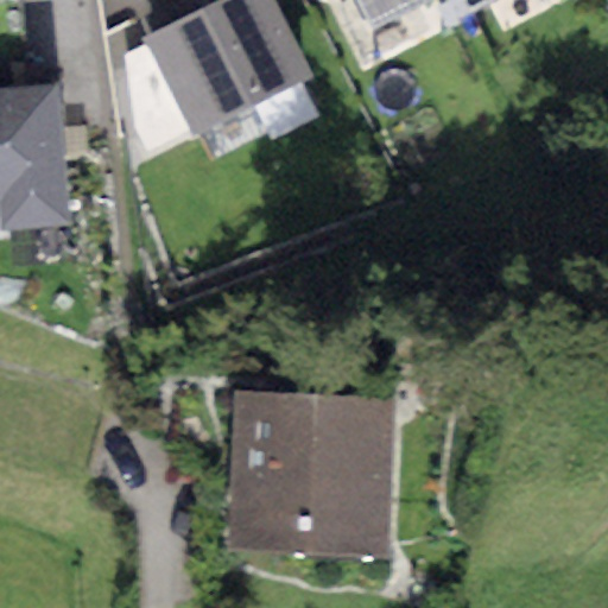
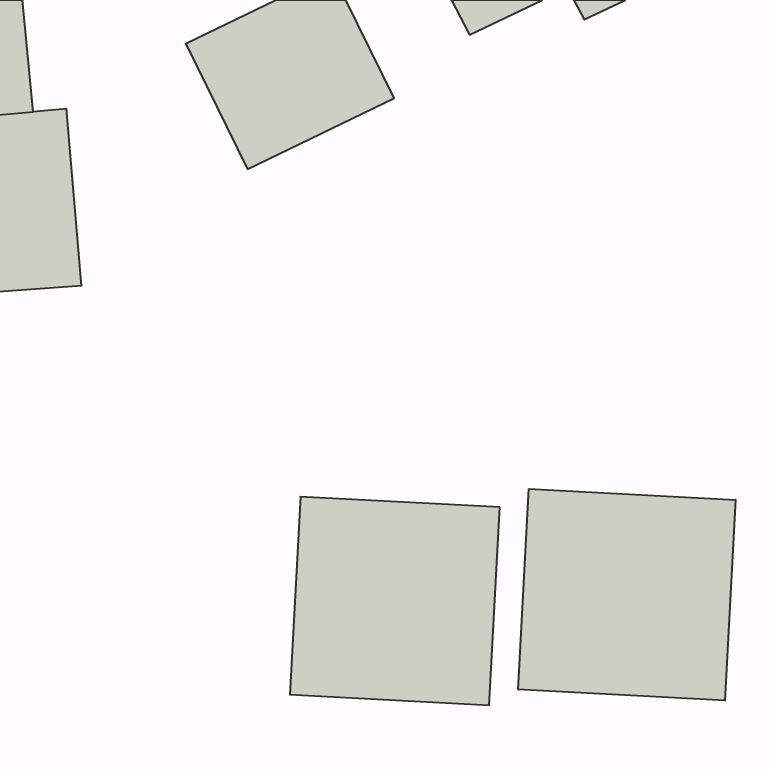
building: none -> [518,489,736,701]

